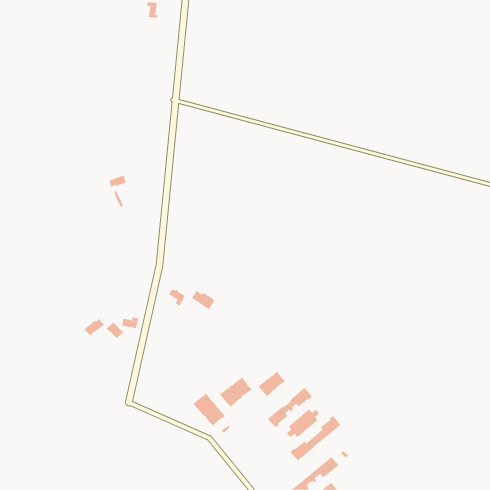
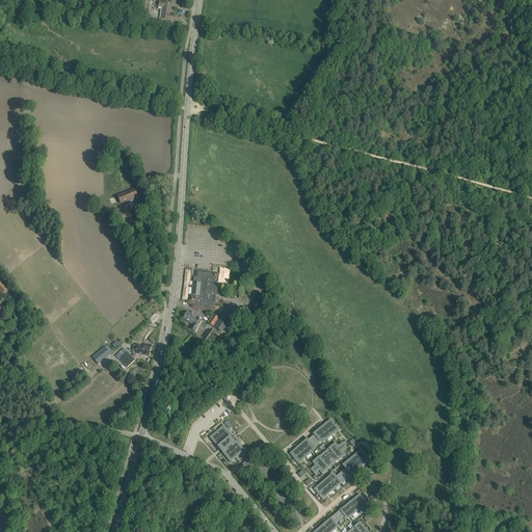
building: none -> [186,271,217,310]
building: [258,371,286,397] -> none
building: [219,376,253,408] -> none

